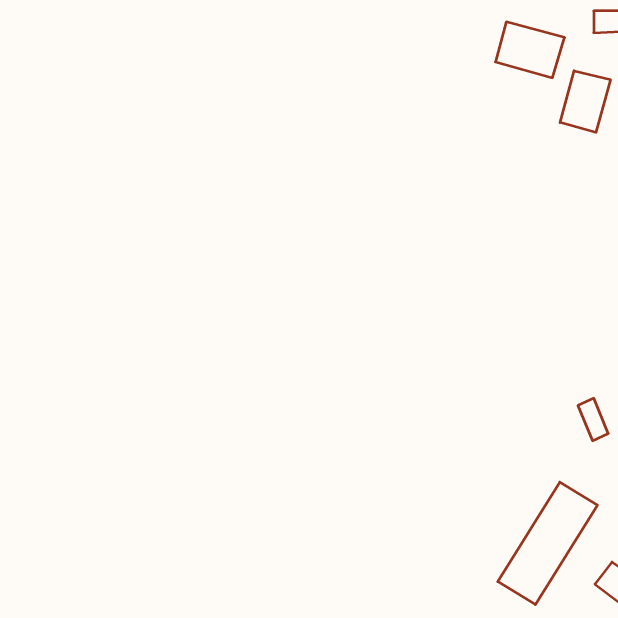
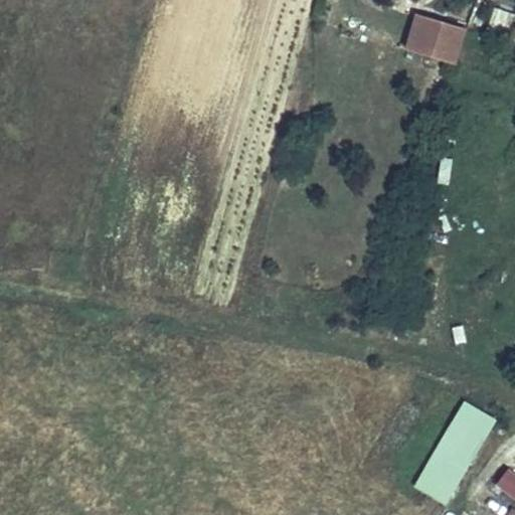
building: [560,71,610,132] -> none

